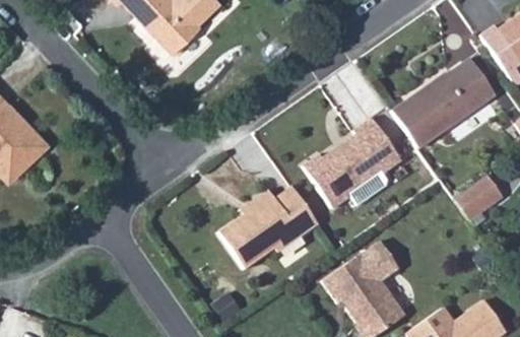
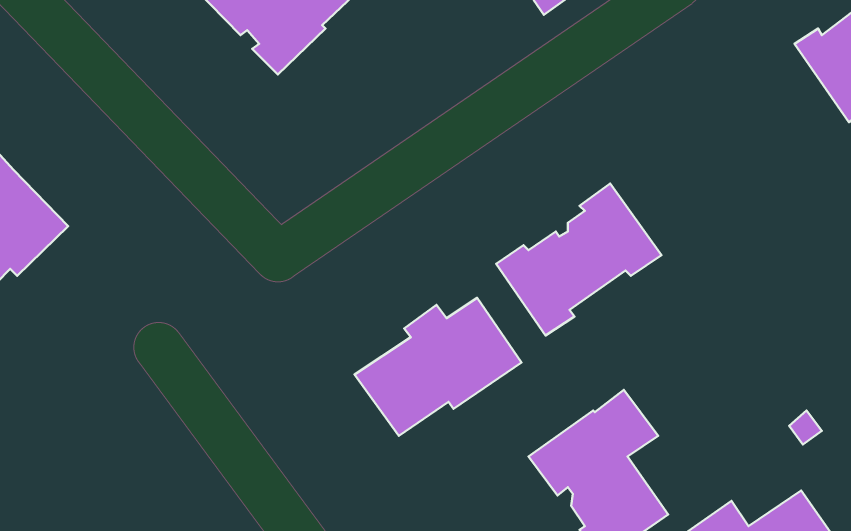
building: [392,58,495,148] -> none
building: [453,175,503,220] -> none

